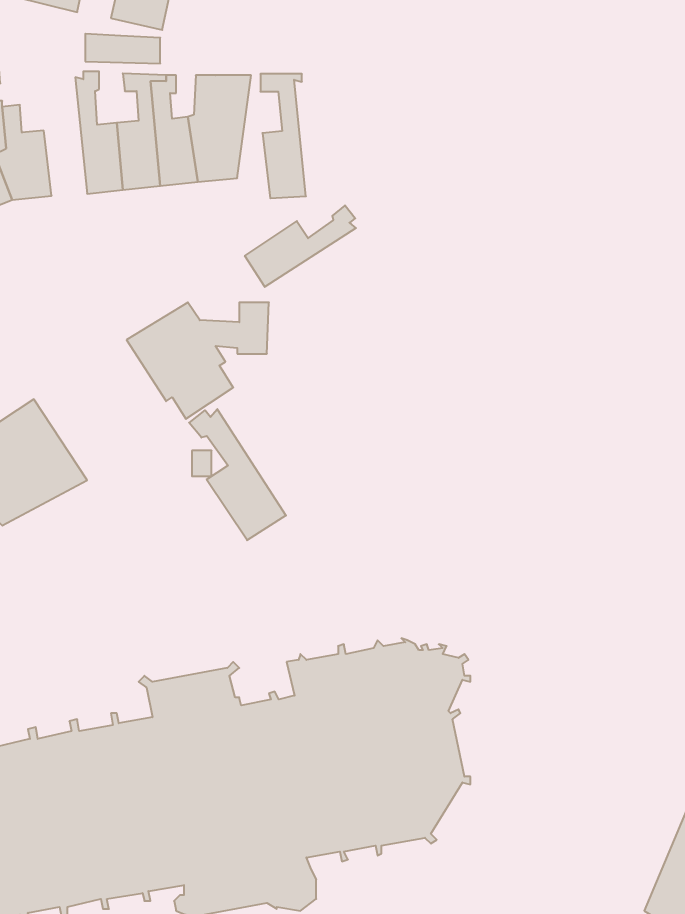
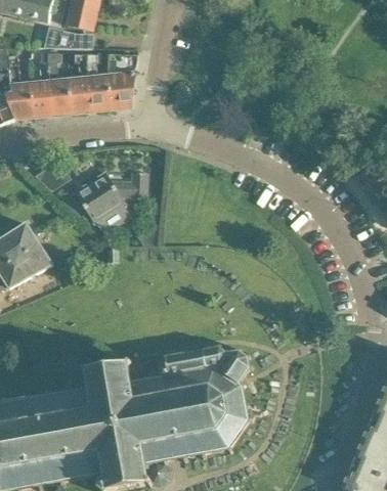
building: [260,74,306,198] -> [29,52,52,117]
building: [245,205,356,287] -> none
building: [189,409,286,540] -> none

